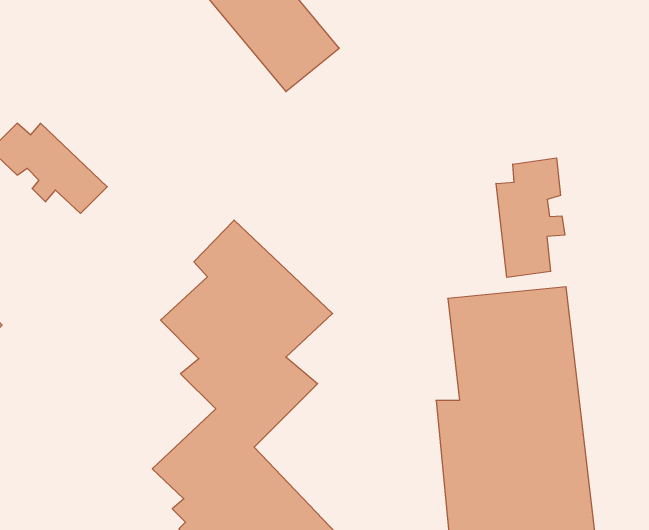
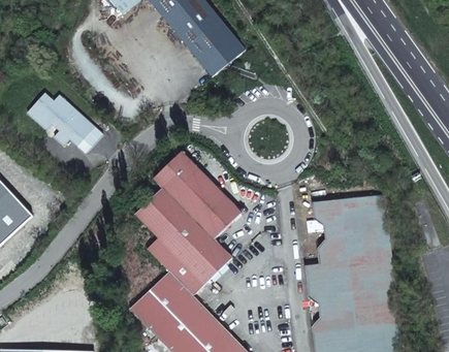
building: [496,158,565,277] -> none

